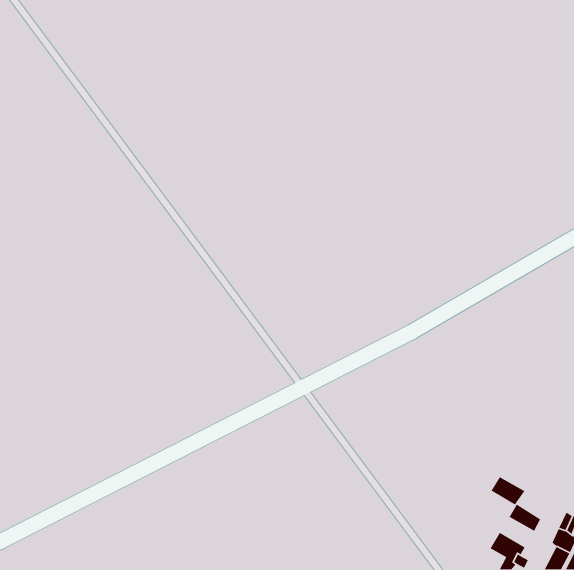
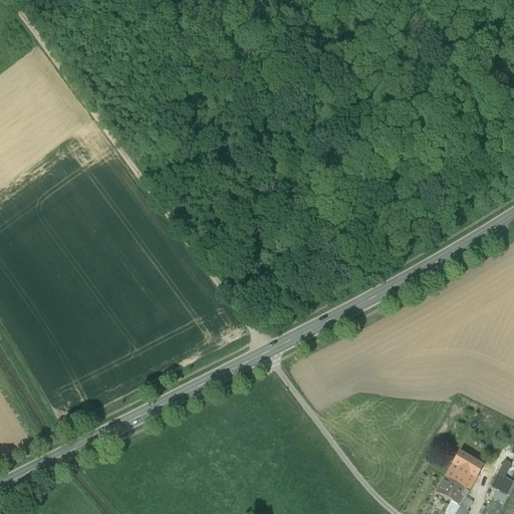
building: [490,476,525,505] -> [447,461,478,487]

